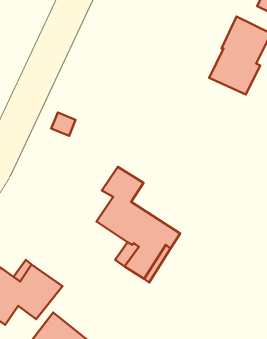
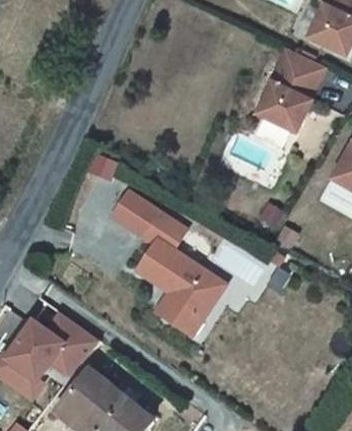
building: none -> [112,190,159,236]

